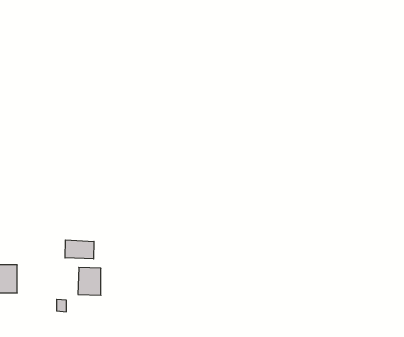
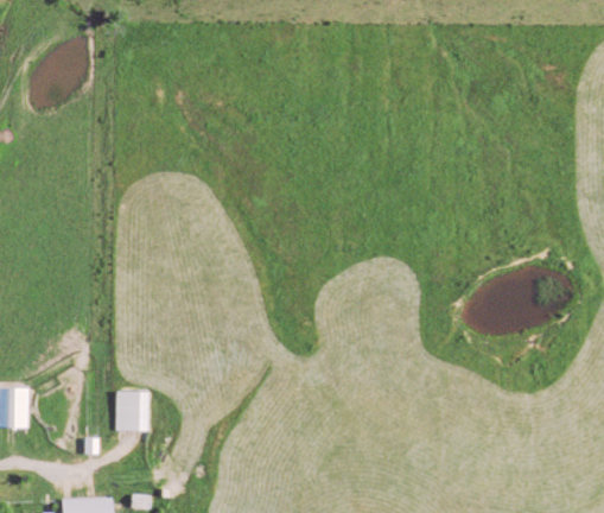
building: [65,240,94,259] -> none

